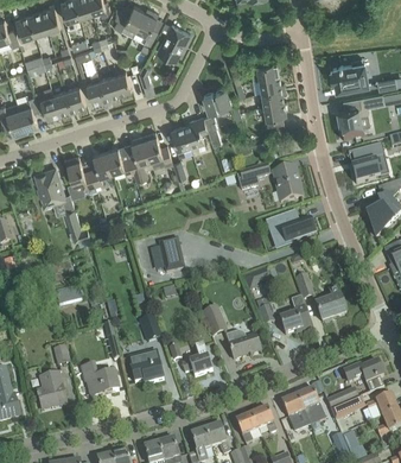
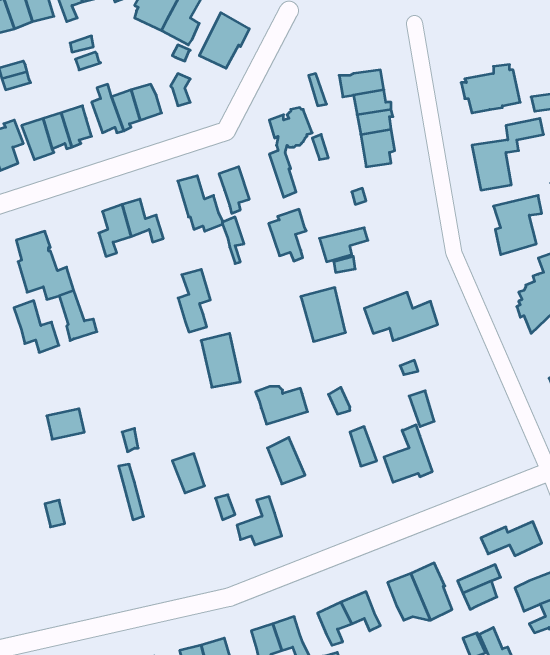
building: [183,115,208,150] -> [269,209,306,261]
building: [128,138,149,179] -> [178,269,210,332]
building: [65,154,95,189] -> [14,301,59,352]
building: [272,165,301,201] -> [301,288,346,341]
building: [316,286,345,322] -> none
building: [225,332,260,357] -> [256,386,308,424]
building: [128,350,163,382] -> none
building: [82,363,119,397] -> none
building: [36,372,65,408] -> none

